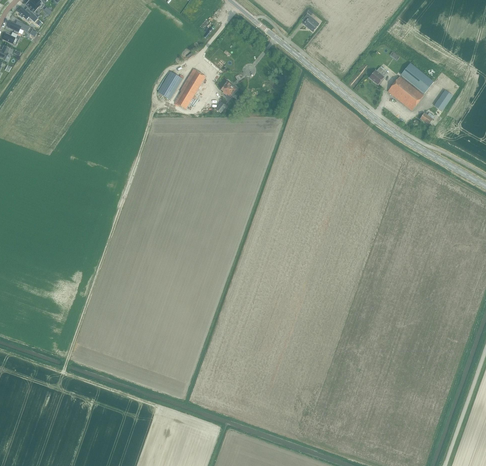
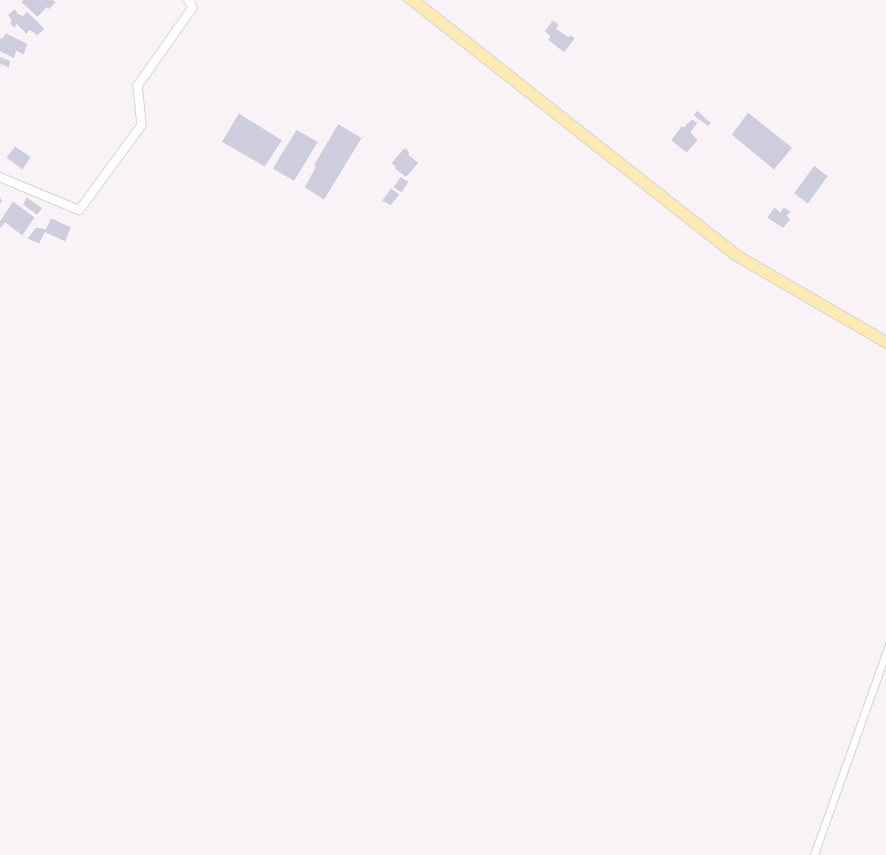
building: none -> [221,112,283,167]
building: [386,76,422,110] -> none

